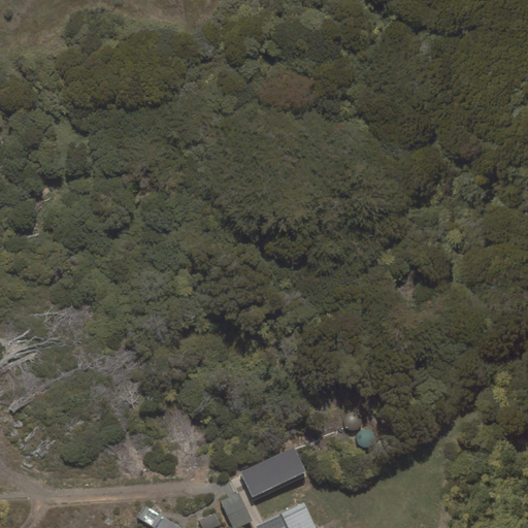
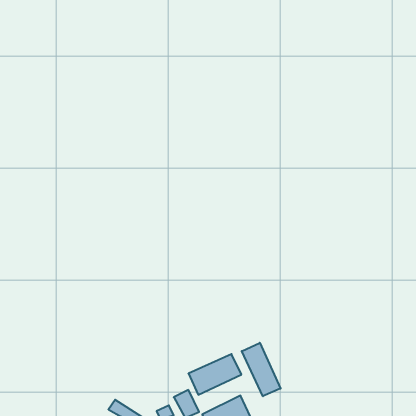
building: none -> [242,343,281,396]

